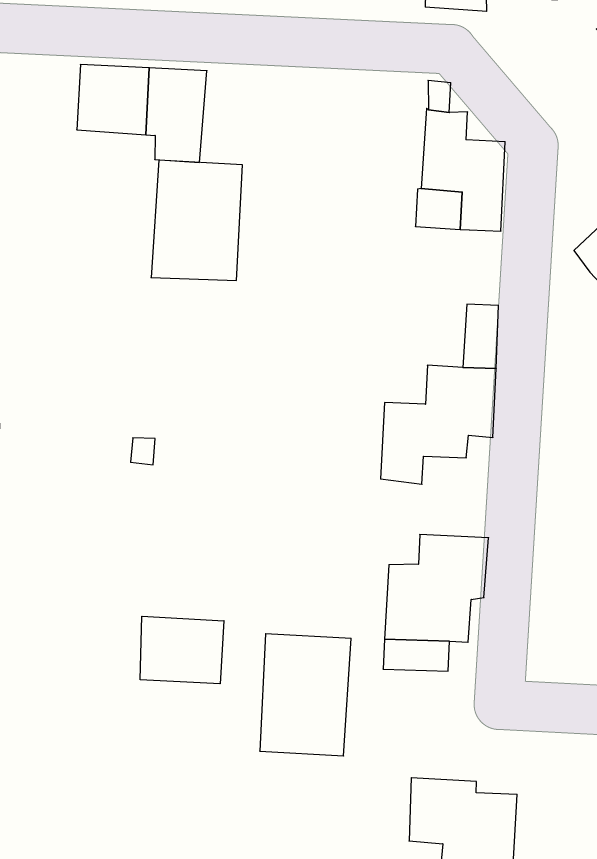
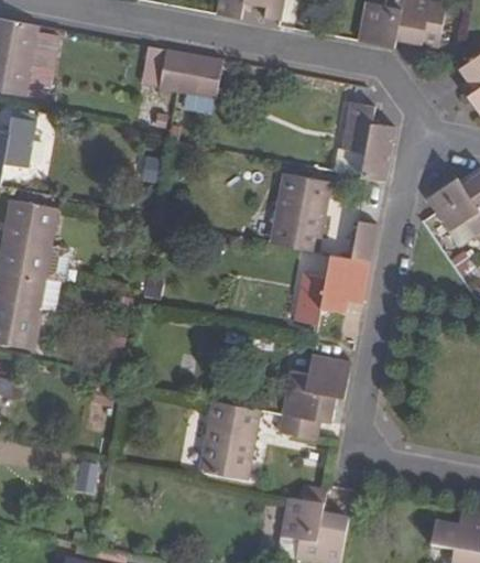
building: [151,160,242,280] -> [268,173,331,251]
building: [140,616,224,684] -> none

